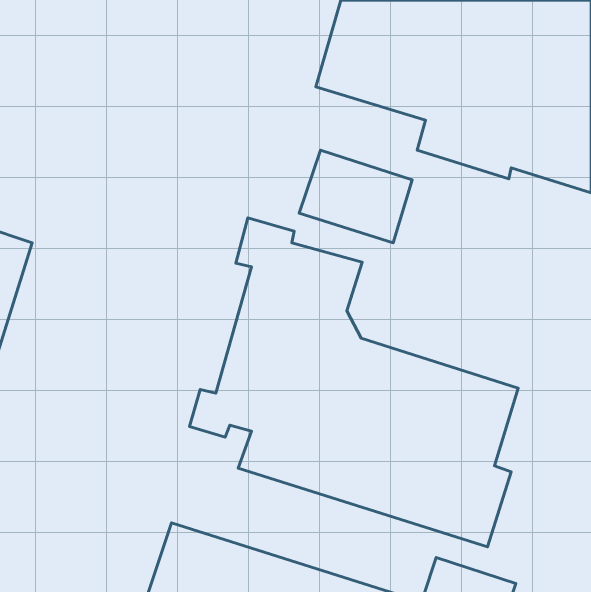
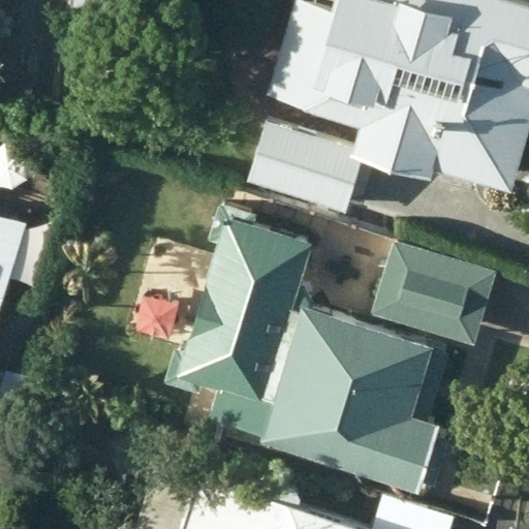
building: none -> [369,242,493,347]

